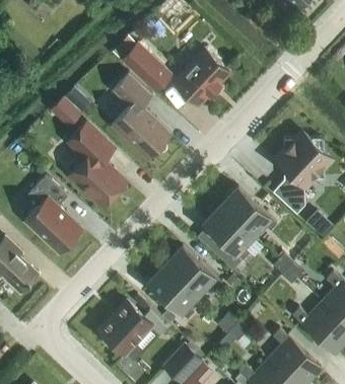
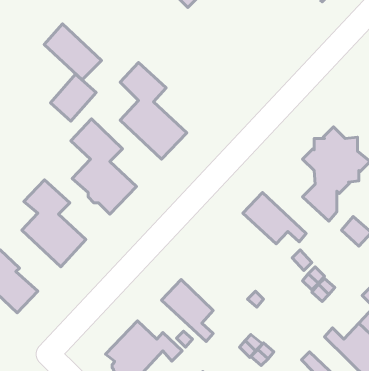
building: [121,43,171,92] -> [44,24,102,80]
building: [172,49,229,106] -> none
building: [204,206,250,260] -> none
building: [165,246,221,292] -> none

